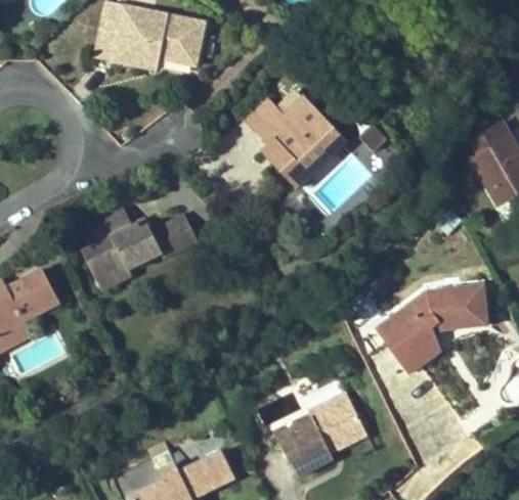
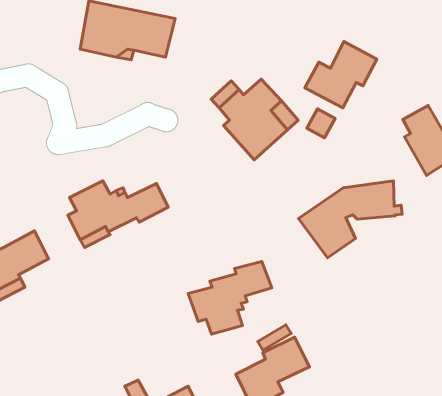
building: none -> [305,42,377,108]
building: [375,284,495,374] -> [298,181,402,258]
building: none -> [188,261,272,334]

